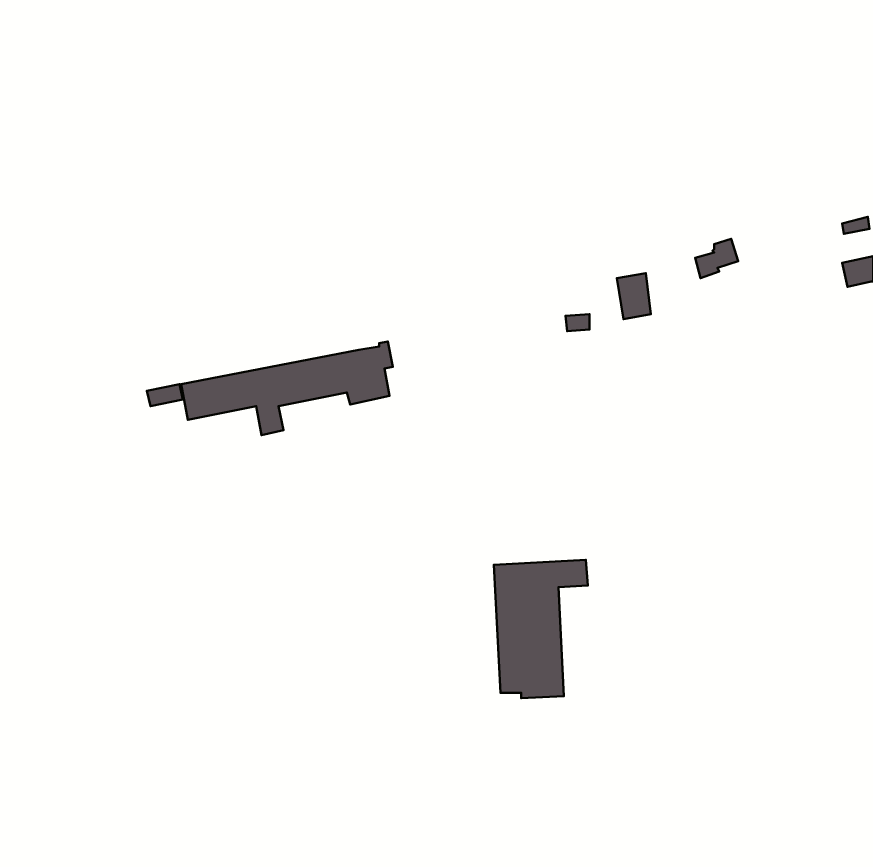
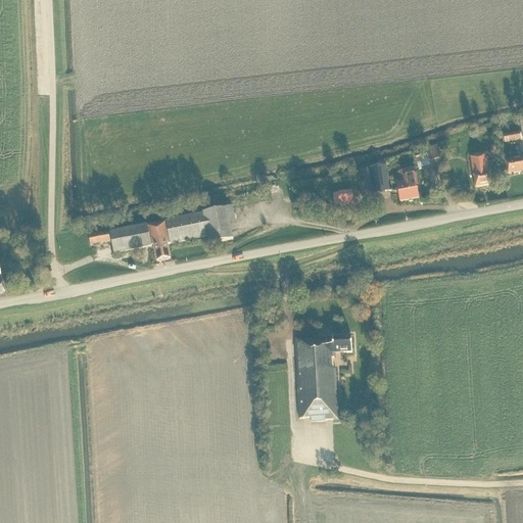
building: none -> [469,152,490,185]
building: none -> [395,167,418,199]

